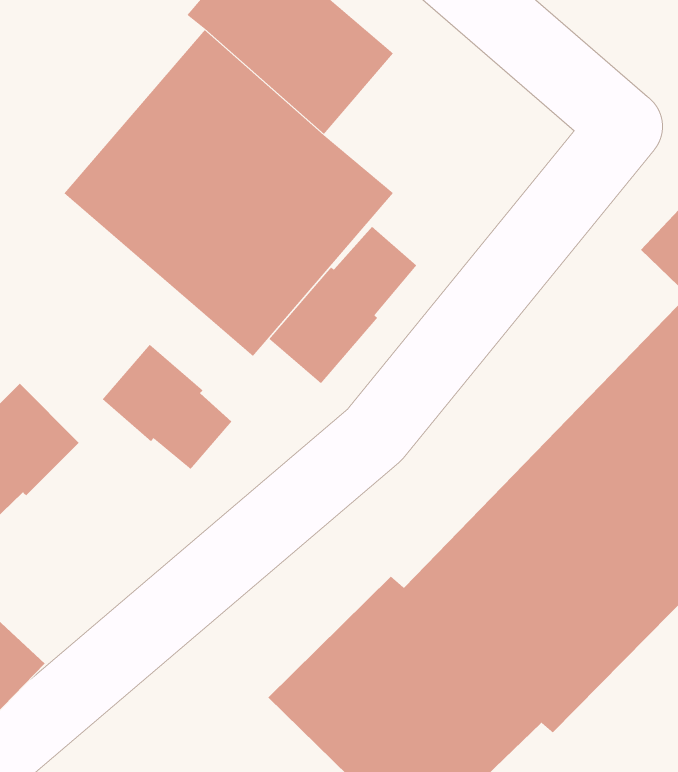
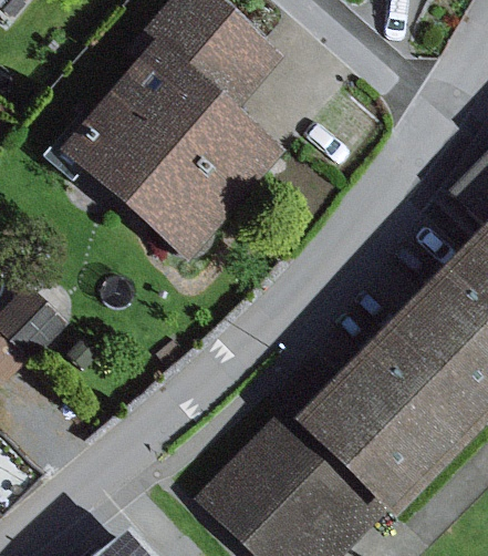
building: [268,226,417,384] -> none
building: [102,344,232,470] -> none

